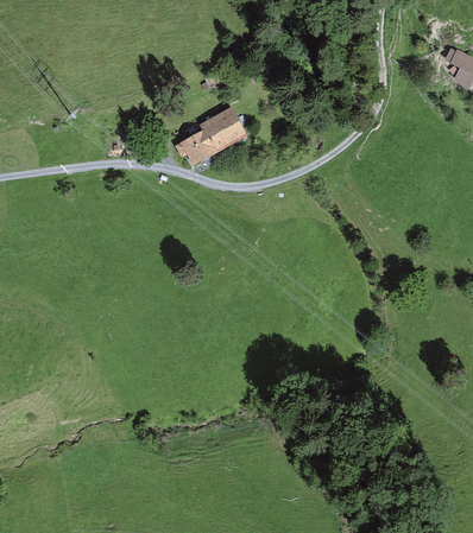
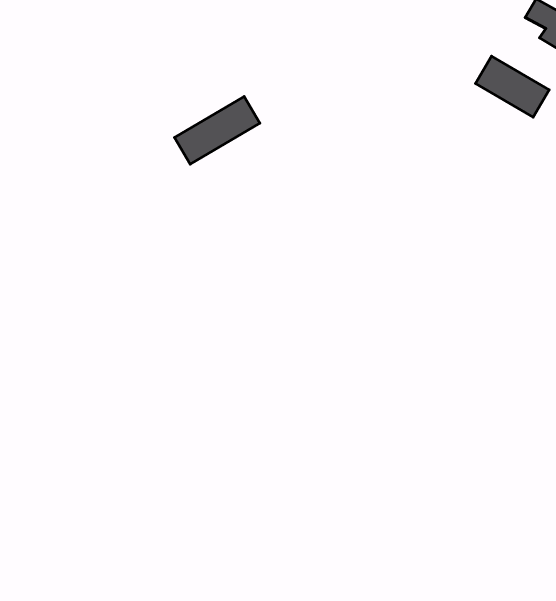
building: none -> [476,56,549,117]

